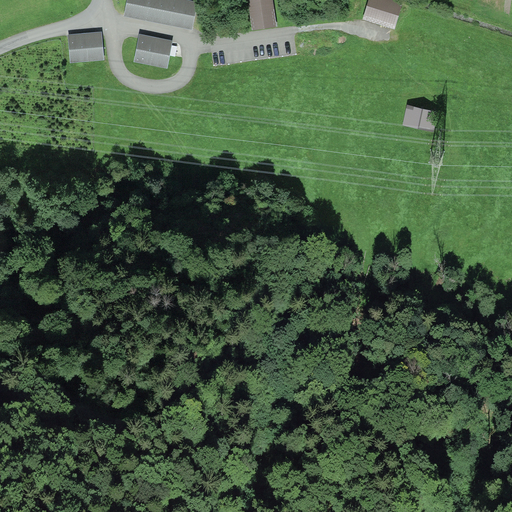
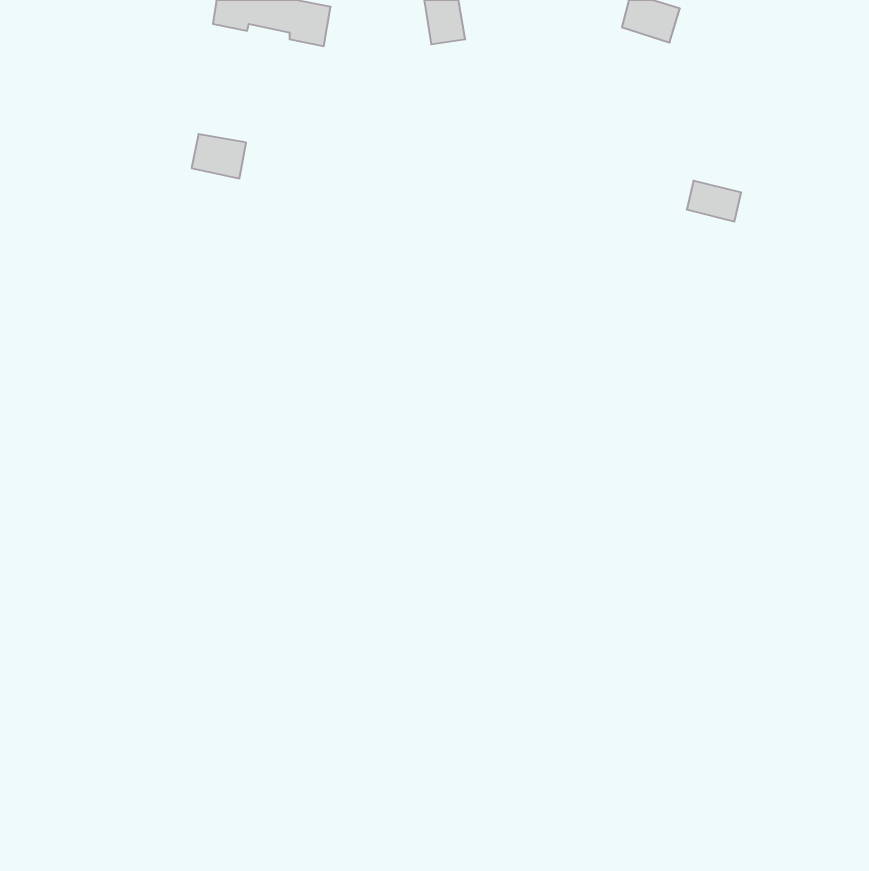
building: [69,36,100,59] -> none
building: [136,39,168,65] -> [192,134,246,178]

